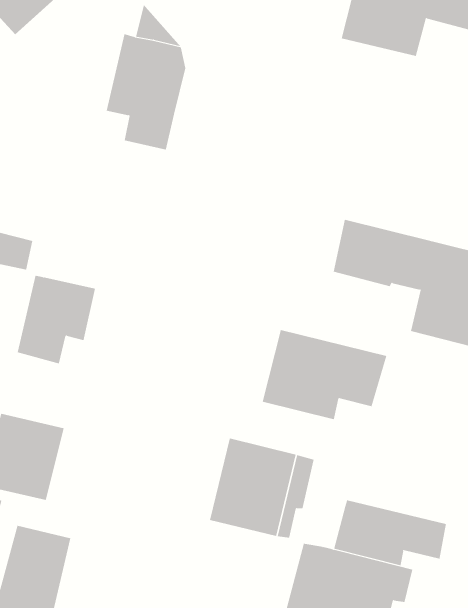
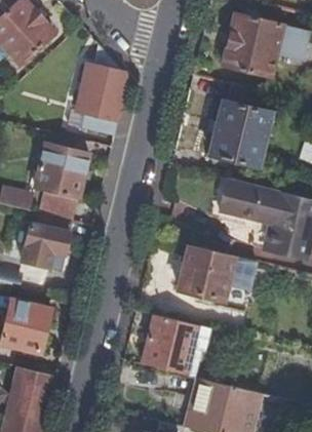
building: none -> [209,83,276,166]
building: none -> [34,143,85,220]
building: [333,499,446,566] -> none

